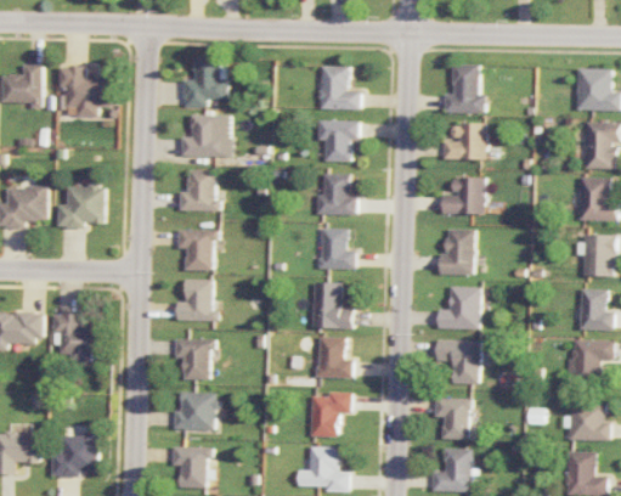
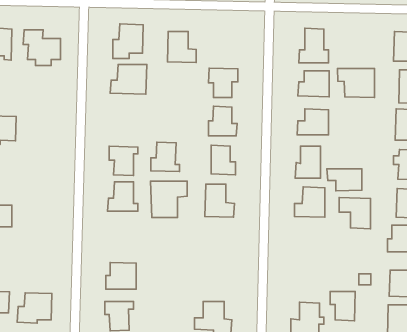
building: [318,66,359,109] -> [167,31,196,63]
building: none -> [337,68,375,97]
building: [179,169,219,210] -> [151,142,179,172]
building: [57,185,103,227] -> none
building: none -> [327,169,362,191]
building: none -> [151,181,187,217]
building: [51,314,100,360] -> none
building: [316,337,351,377] -> none
building: [174,338,211,379] -> none
building: [435,339,479,383] -> [339,198,370,229]
building: [310,391,350,436] -> none
building: [434,398,469,439] -> [330,291,355,321]

